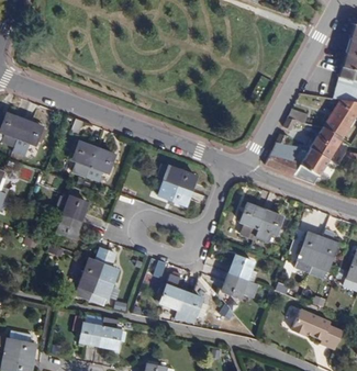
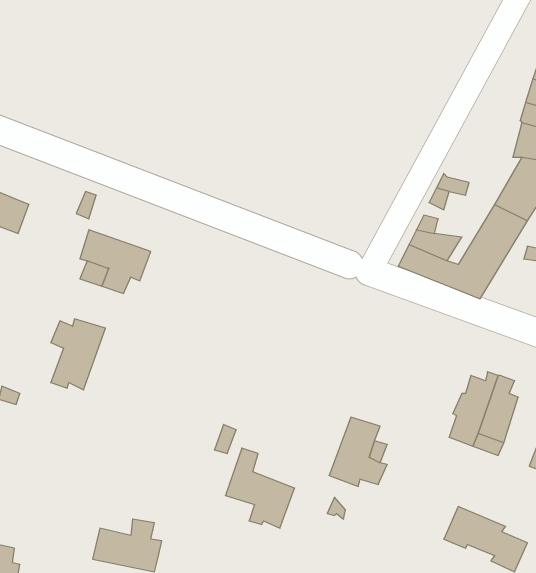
building: [157,164,197,205] -> none
building: [239,203,282,240] -> none
building: [76,248,119,306] -> none

